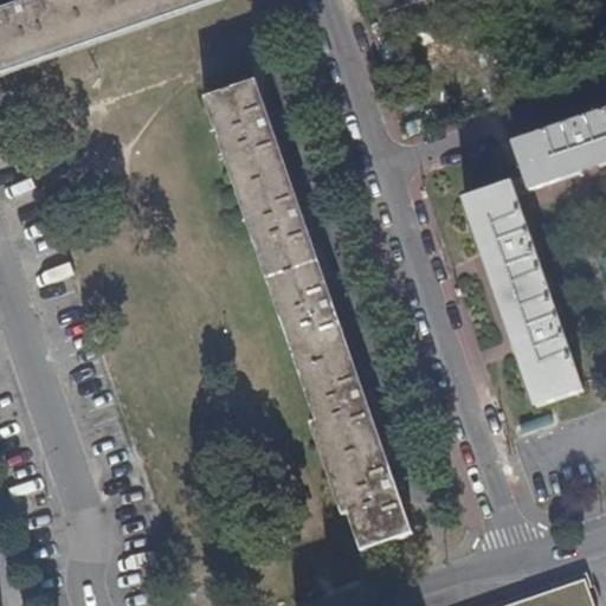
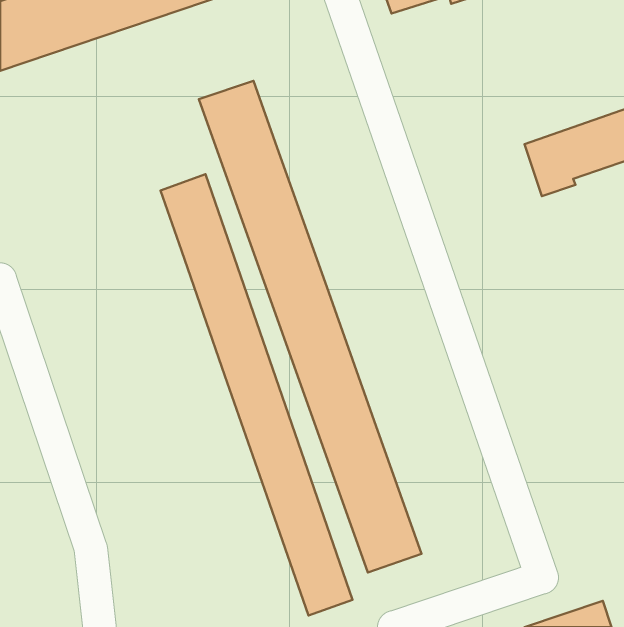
building: none -> [160,174,353,615]
building: [464,181,580,402] -> none

